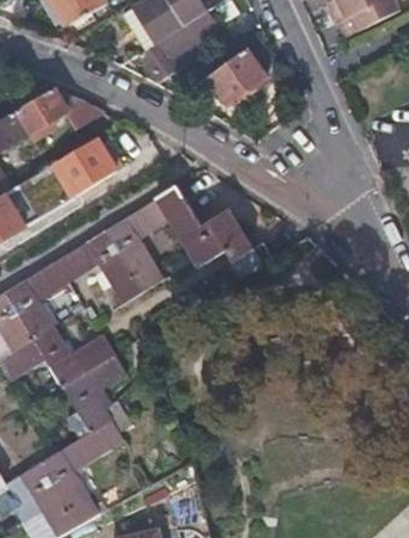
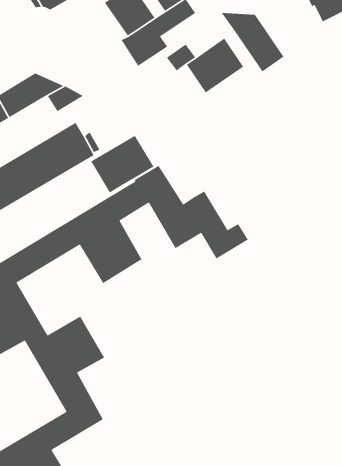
building: none -> [220,11,284,73]
building: none -> [90,135,155,193]

